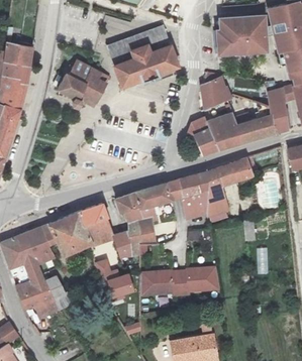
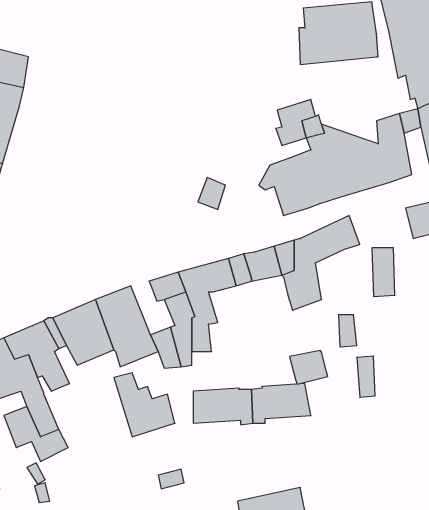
building: [107,25,179,87] -> none
building: [60,59,108,104] -> none
building: [184,195,209,217] -> [290,351,328,384]

